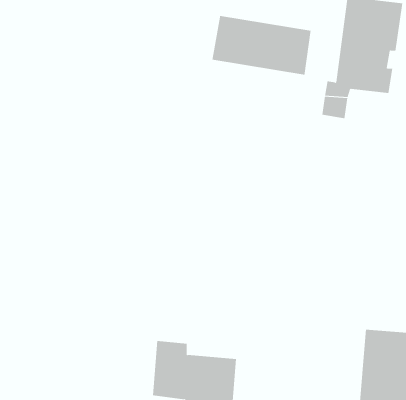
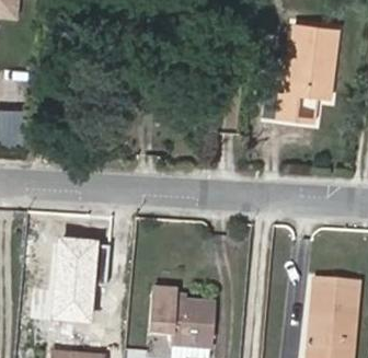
building: [212,15,311,76] -> none
building: none -> [49,236,97,325]

